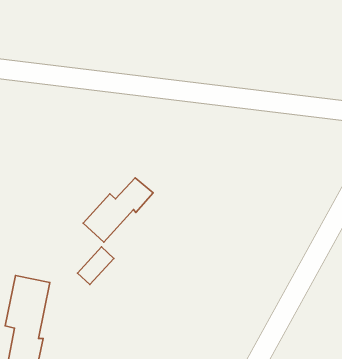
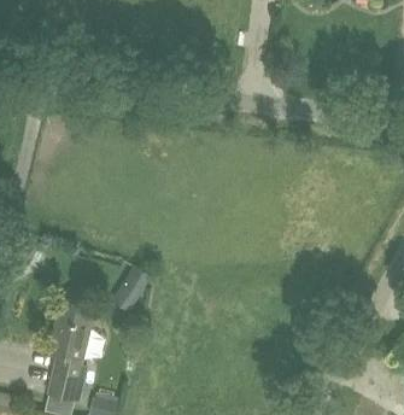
building: [83,178,153,242] -> none

